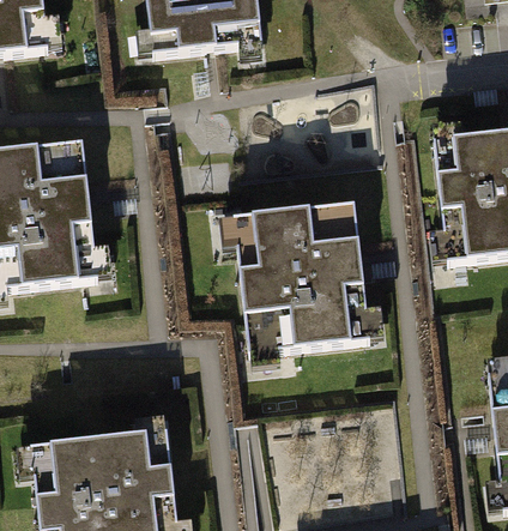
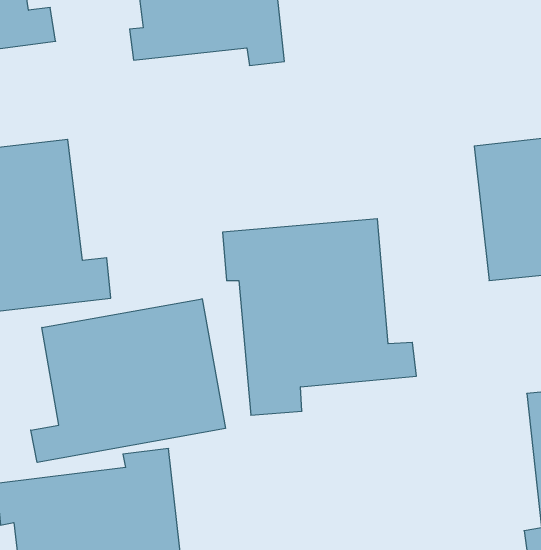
building: none -> [31,299,225,462]

